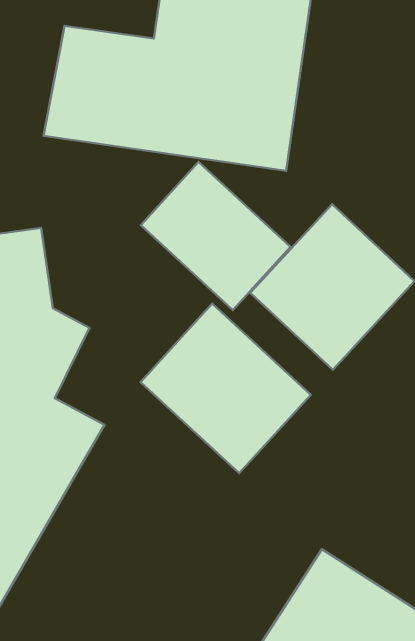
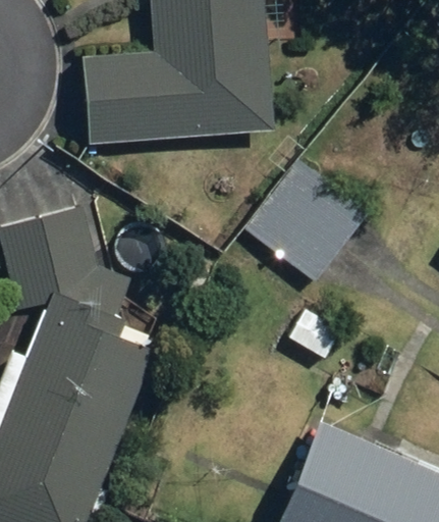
building: [141,162,291,310] -> none
building: [141,304,311,473] -> none

